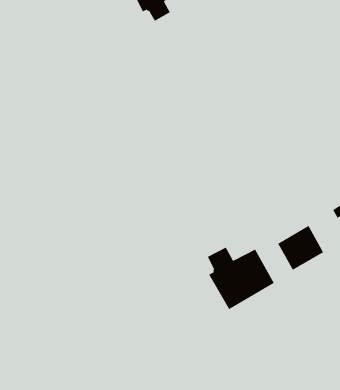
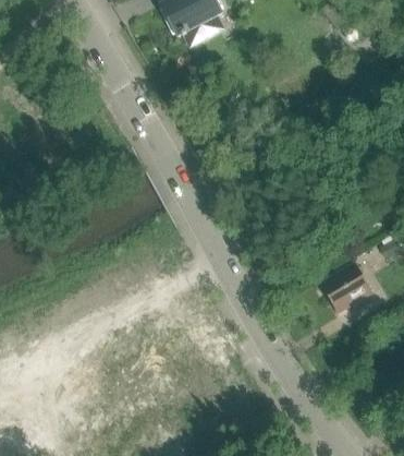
building: [207,246,275,310] -> none

